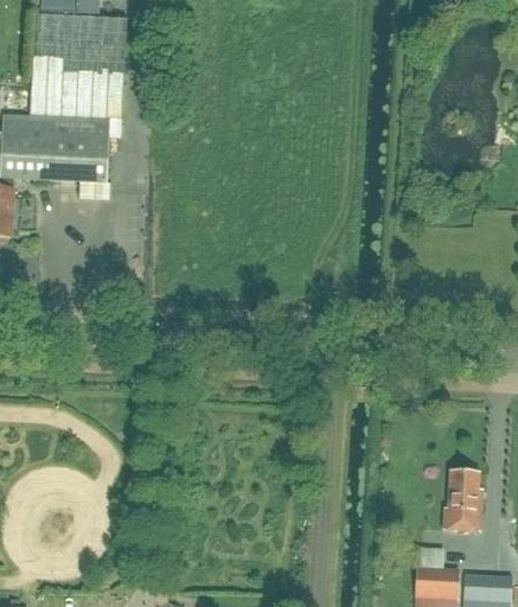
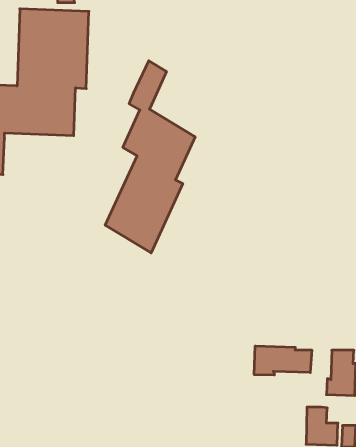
building: none -> [105,61,195,253]
building: none -> [254,346,312,375]

